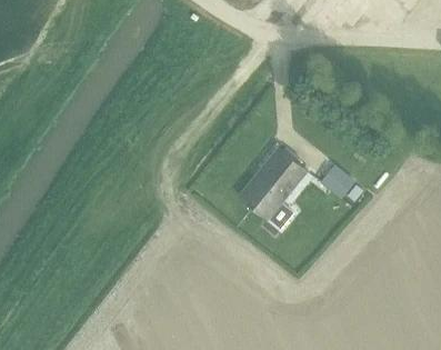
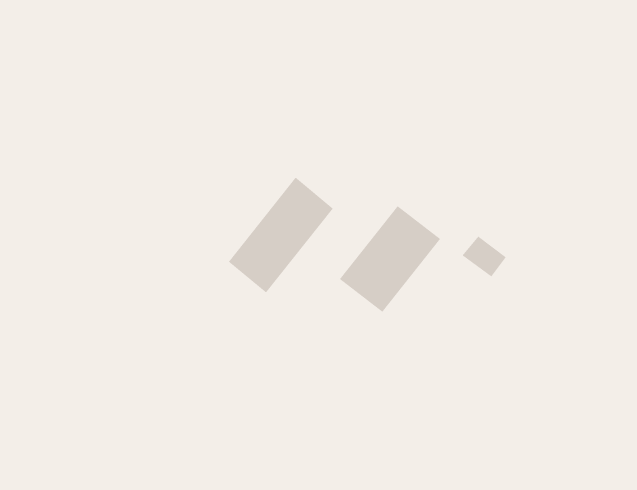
building: none -> [228,177,334,294]

